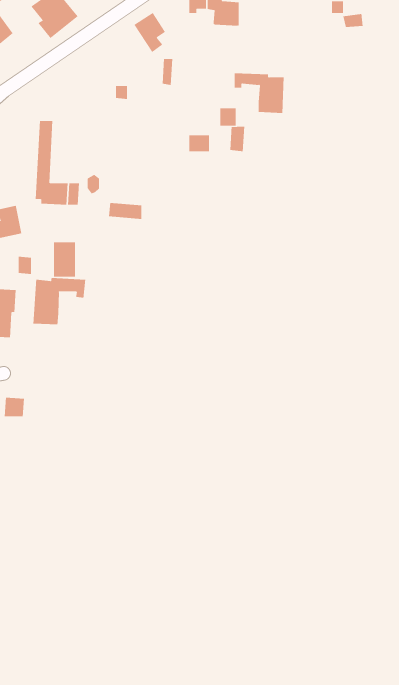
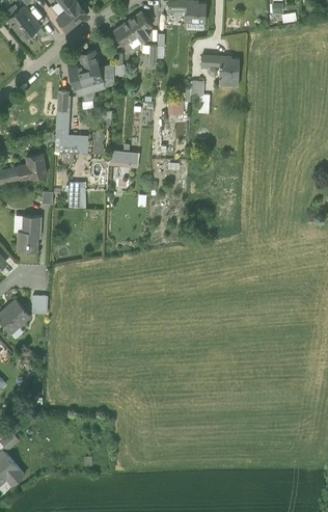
building: none -> [113,21,141,47]
building: none -> [70,51,105,97]
building: [33,277,86,325] -> none

